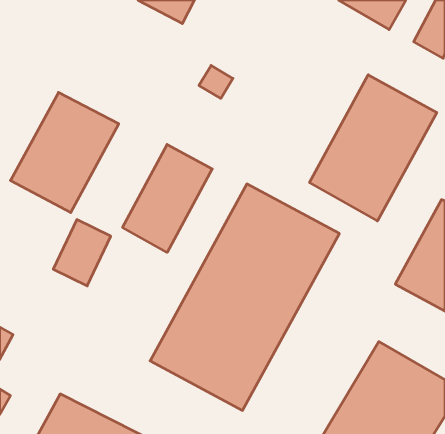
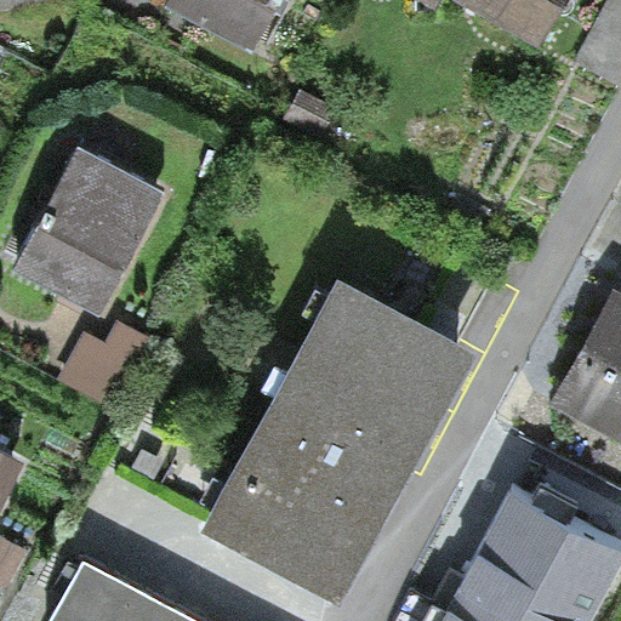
building: [310,75,437,221] -> none
building: [123,144,212,252] -> none

